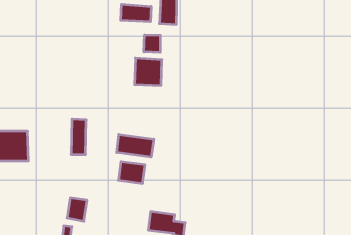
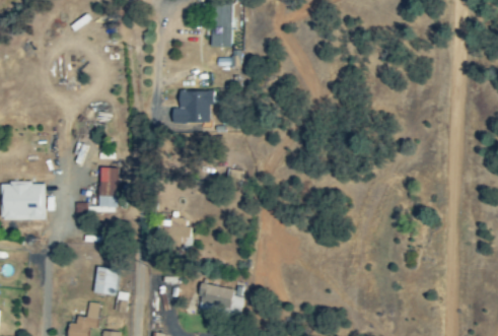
building: [121,4,151,22] -> none
building: [144,35,160,52] -> none
building: [117,134,154,157] -> none

